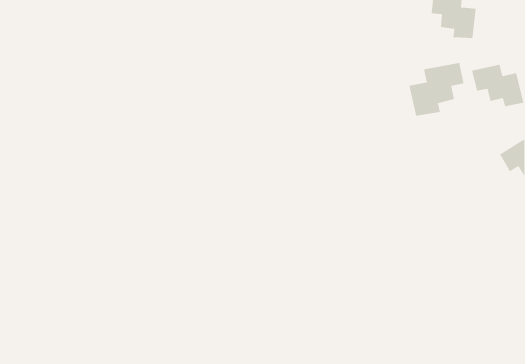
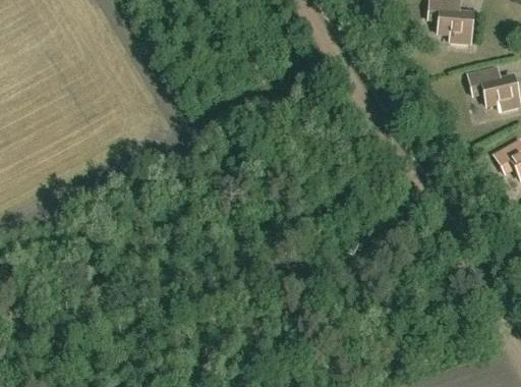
building: [409,62,464,117] -> none

